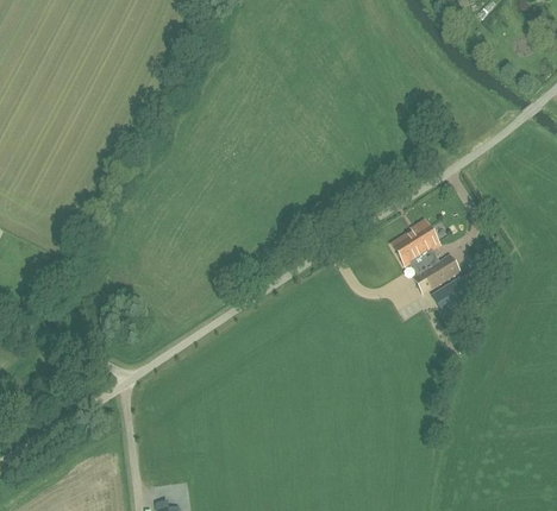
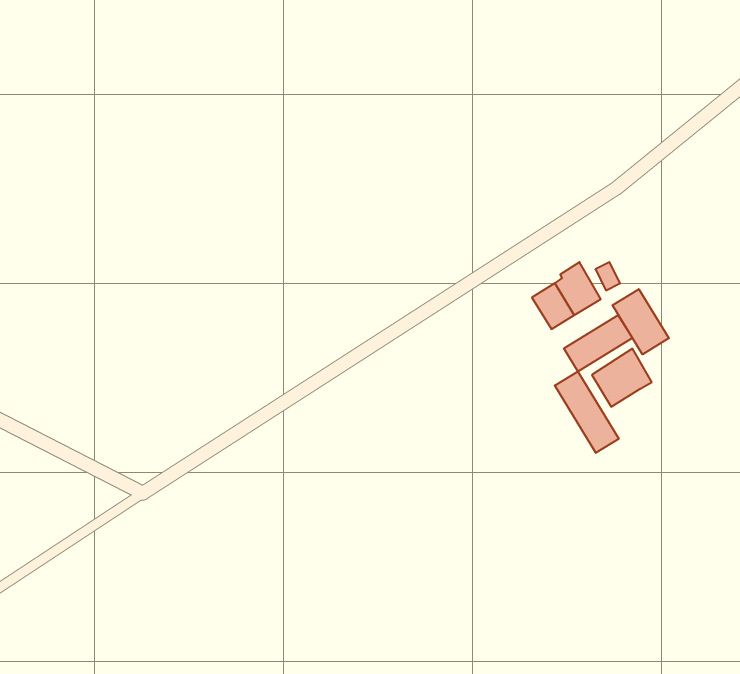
building: none -> [612,289,669,354]
building: none -> [555,371,619,453]

